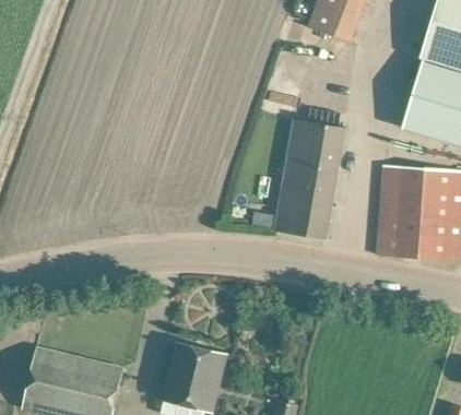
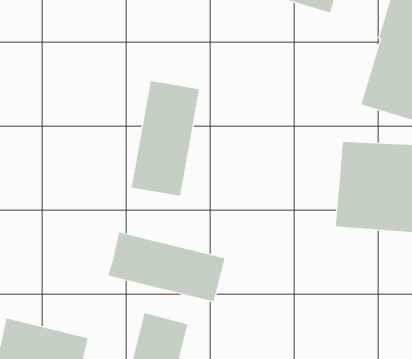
building: [274,120,345,239] -> [131,81,200,196]
building: none -> [107,232,225,302]

